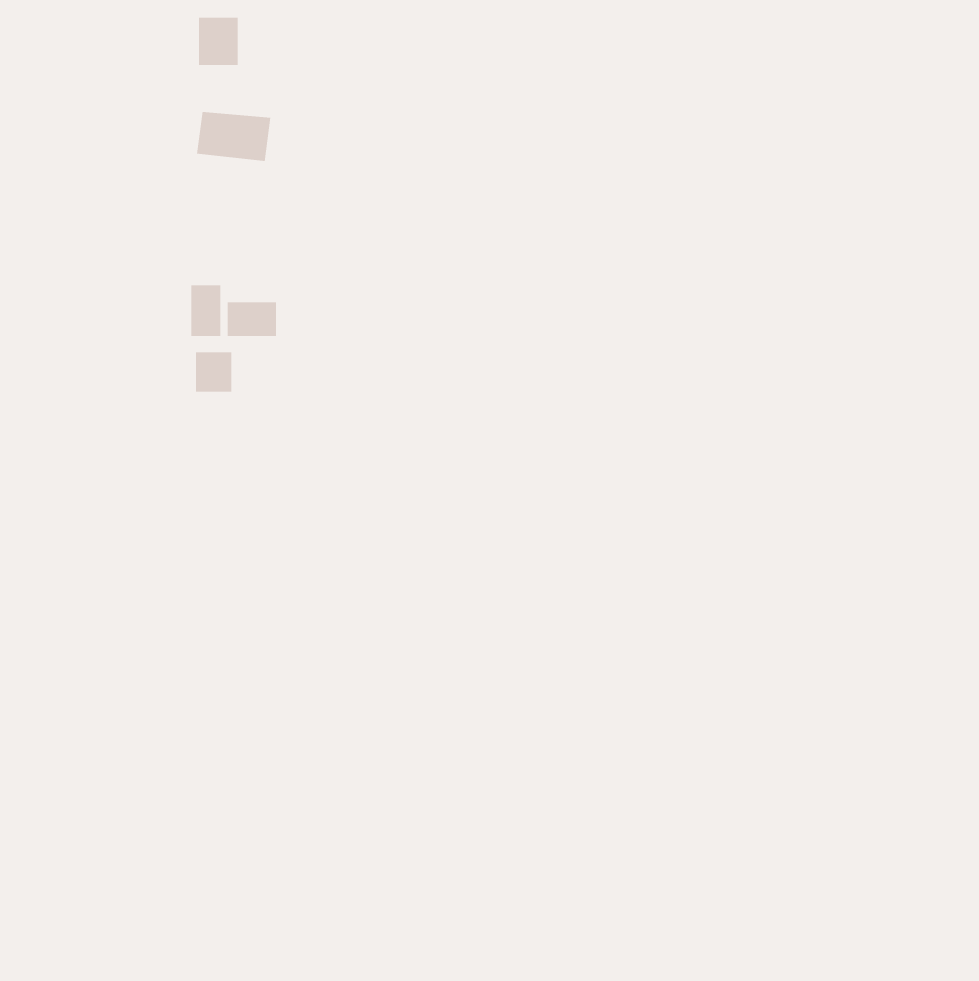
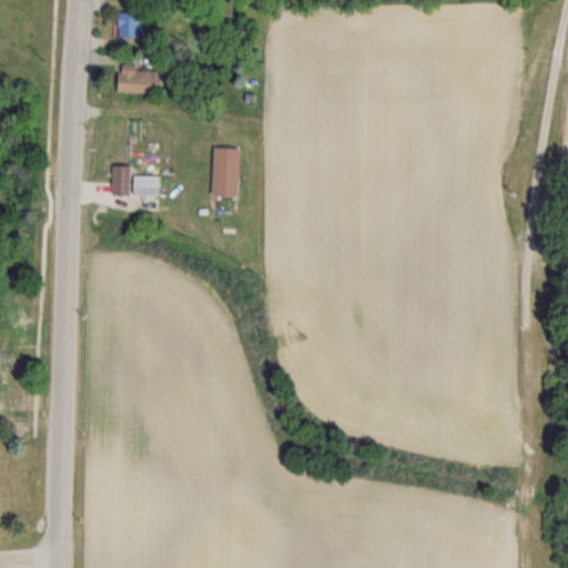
building: none -> [211,146,240,196]
building: [196,351,232,392] -> none

